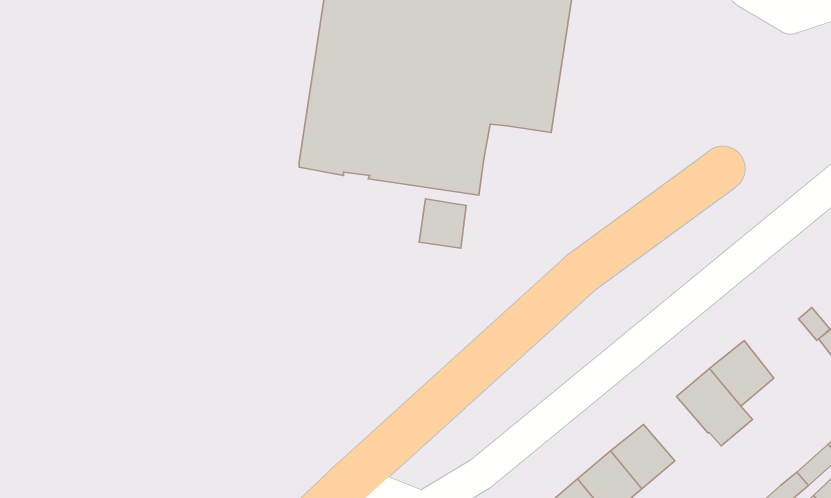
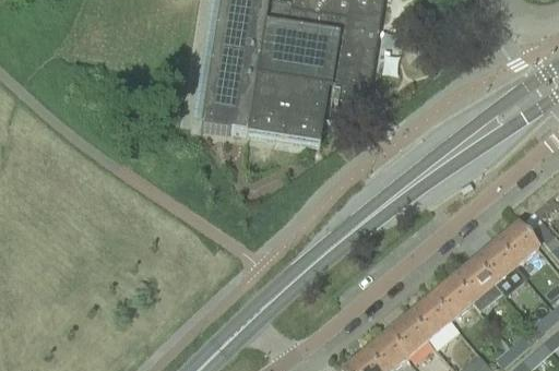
building: [419,199,466,248] -> none
building: none -> [497,220,540,264]
building: none -> [430,276,473,319]

